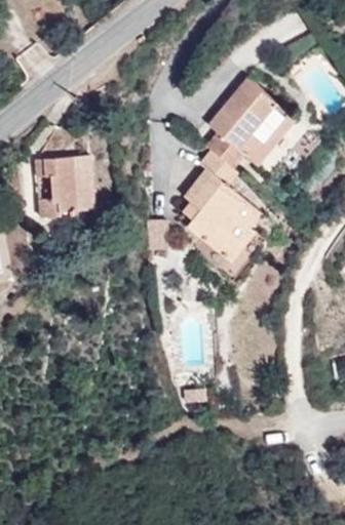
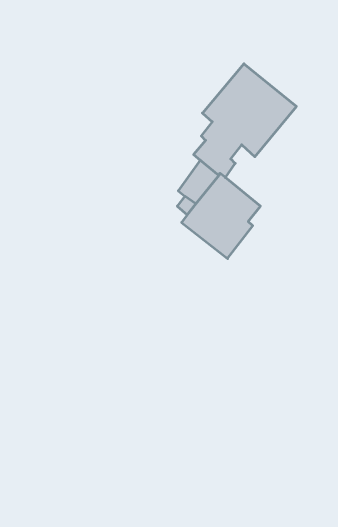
building: [32,155,93,217] -> none

